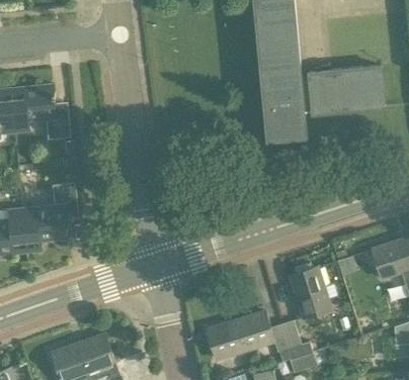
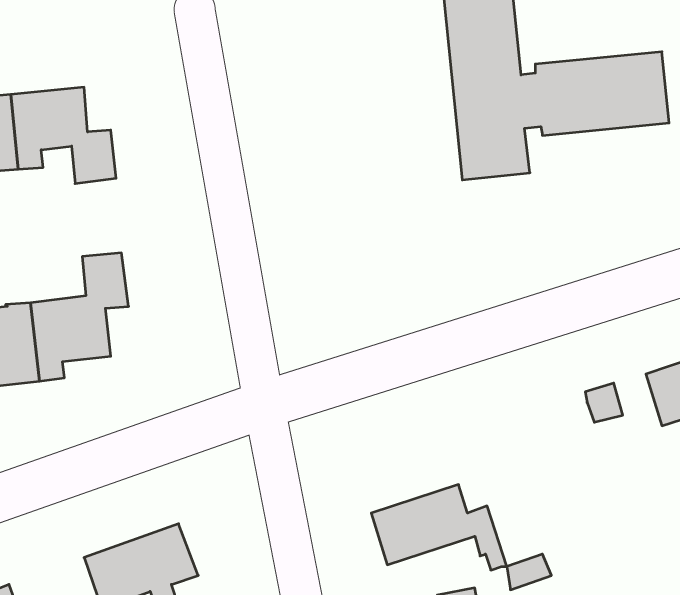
building: [289,266,330,318] -> none
building: [280,319,312,358] -> none

